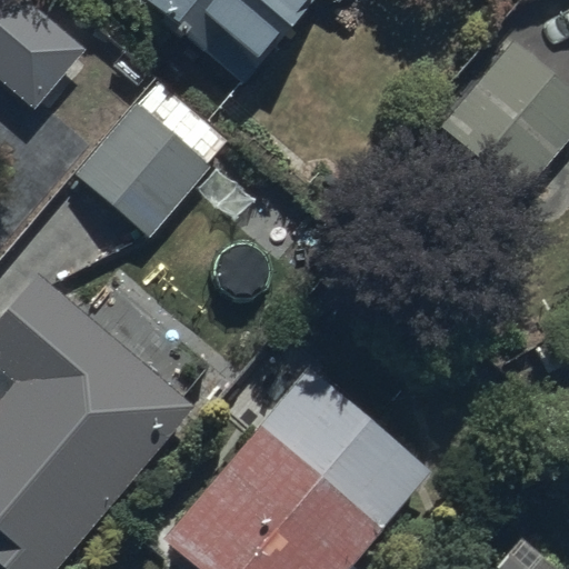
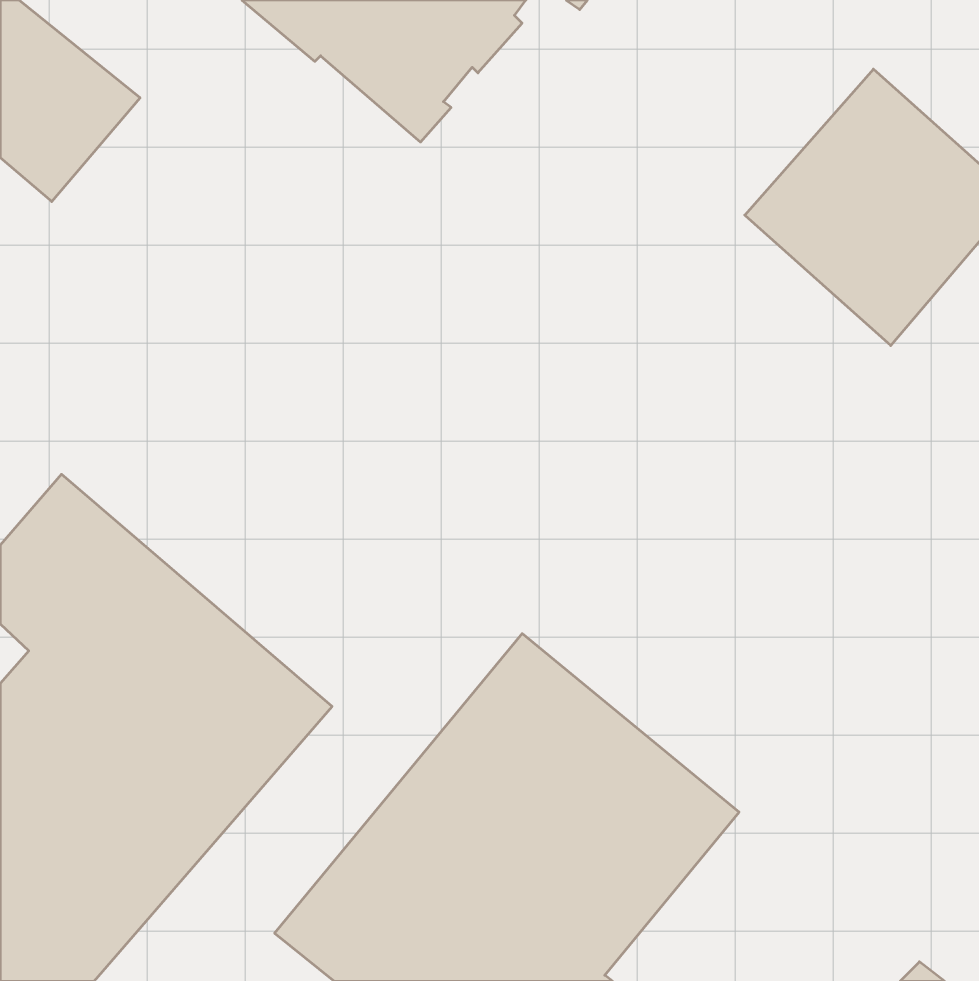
building: [74,98,211,234] -> none

